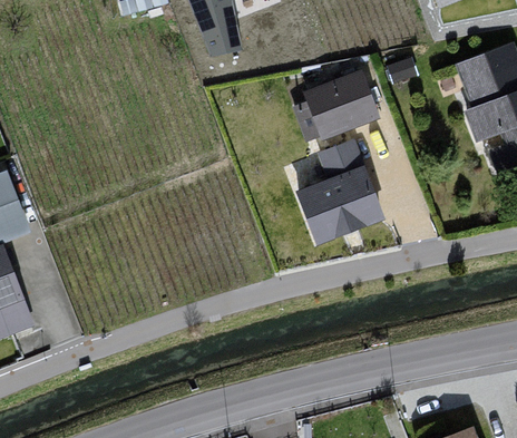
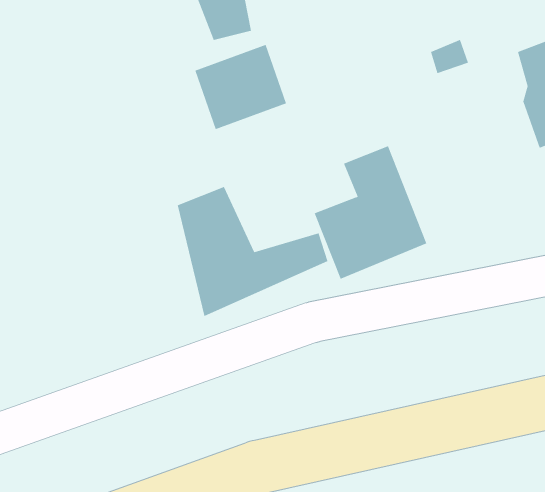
building: [302,72,377,142] -> [194,44,287,130]
building: none -> [177,186,328,317]

